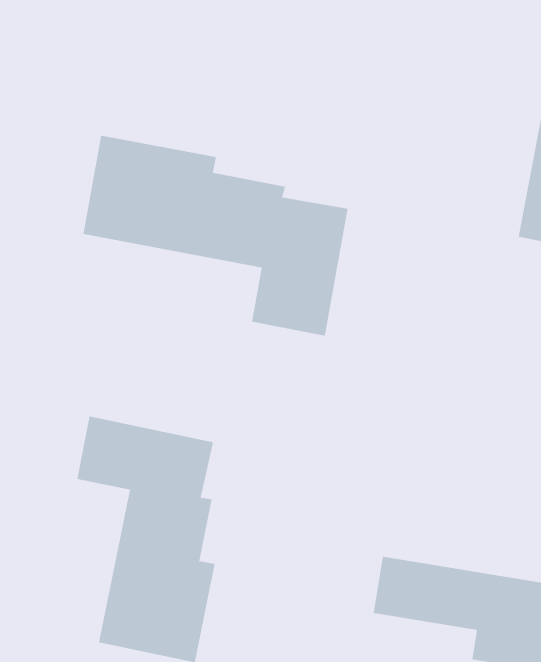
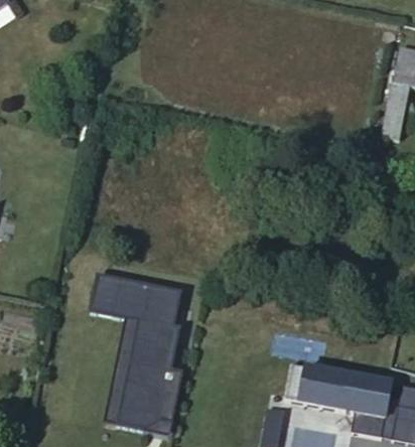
building: [83,135,348,337] -> none

